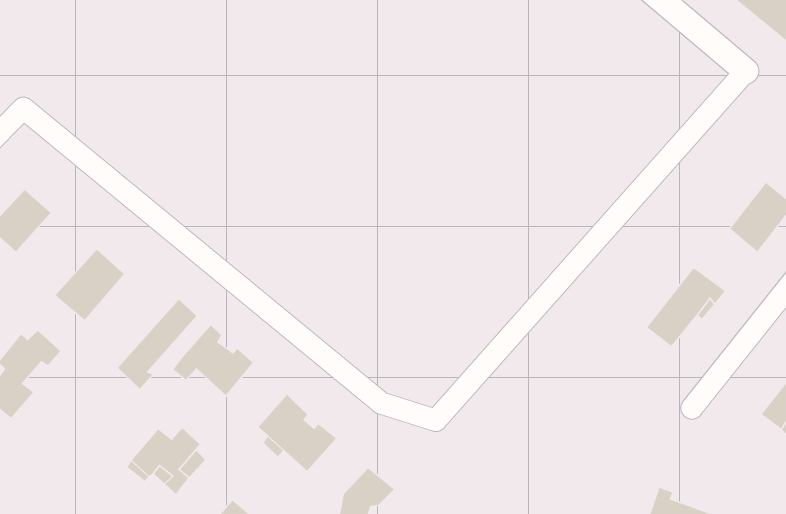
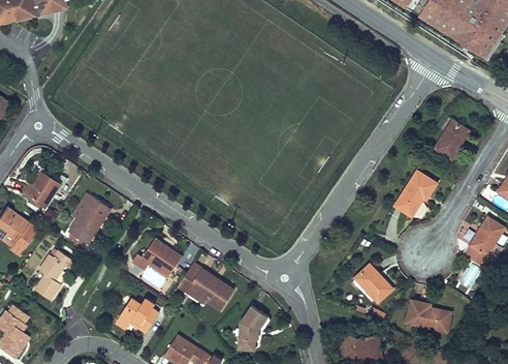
building: [117,299,197,390] -> none
building: none -> [354,262,393,301]

